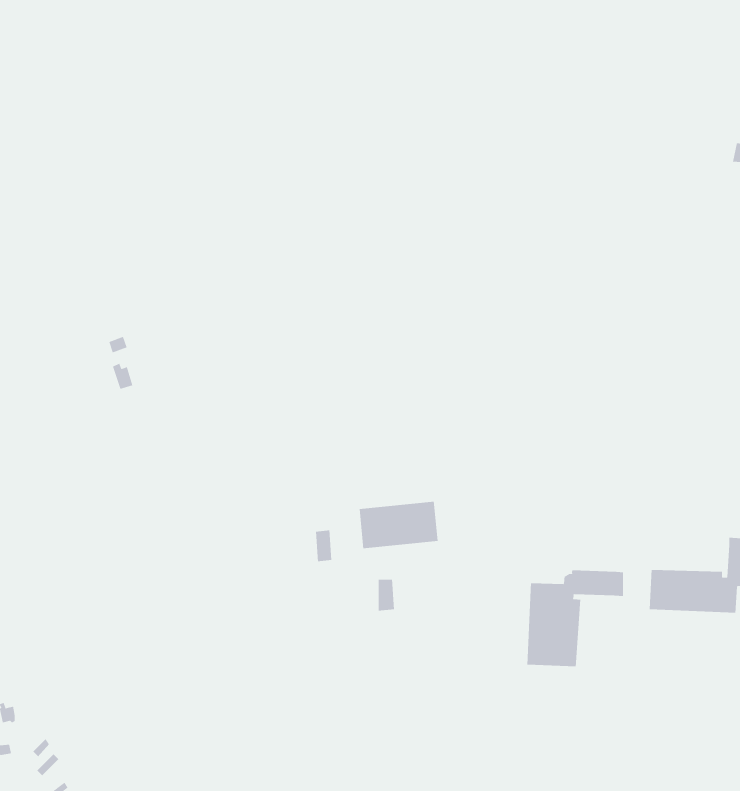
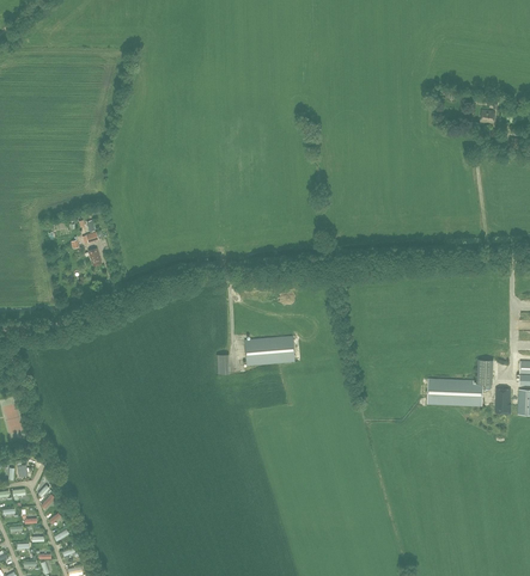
building: [527,570,624,667] -> none

